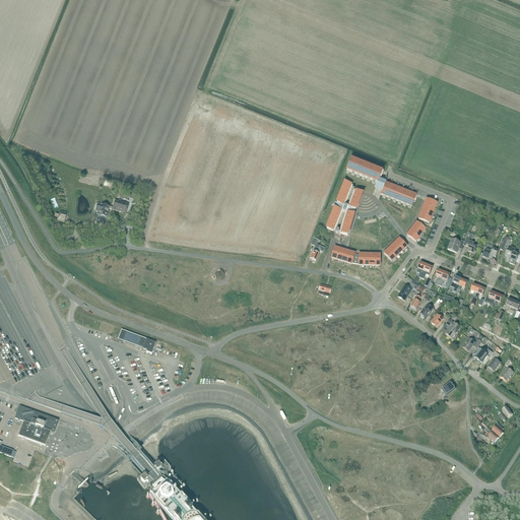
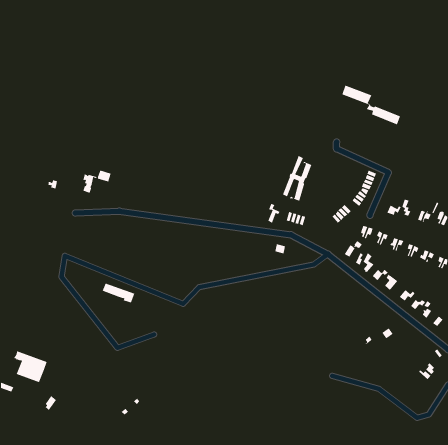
building: [346,157,415,204] -> [341,85,401,125]

